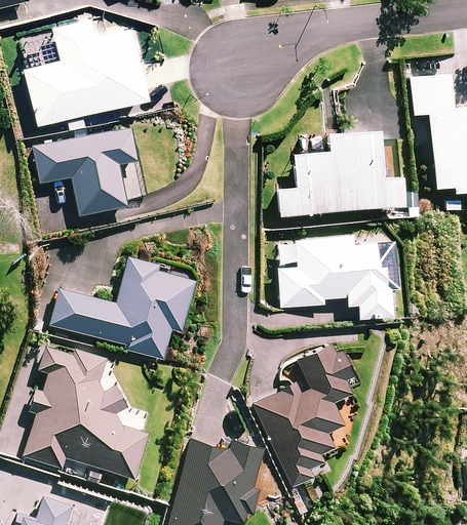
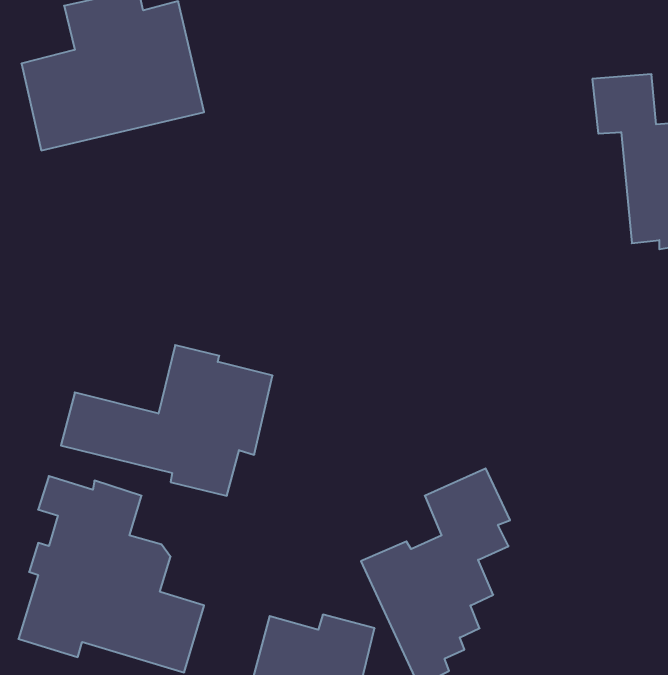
building: [33,127,147,216] -> none
building: [278,130,401,216] -> none
building: [277,237,396,319] -> none

